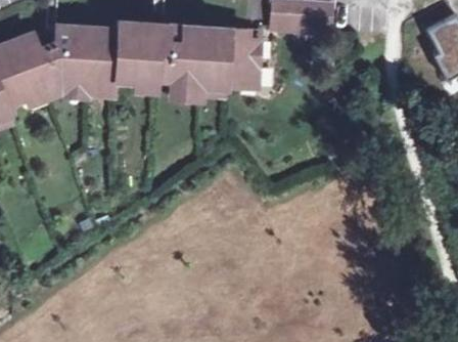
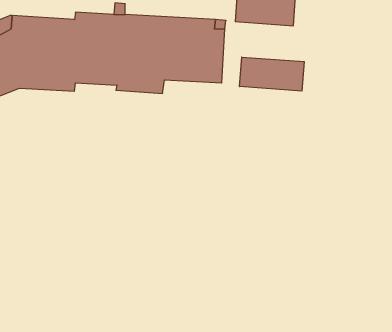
building: none -> [240,57,304,91]

